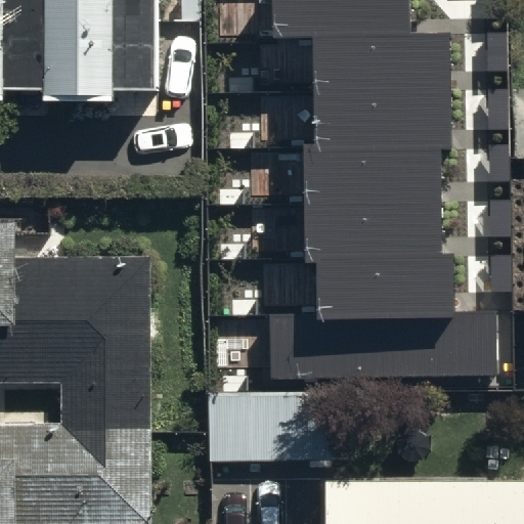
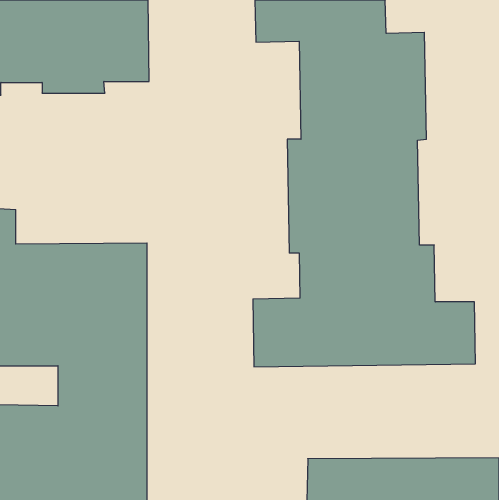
building: [209,391,336,460] -> none

